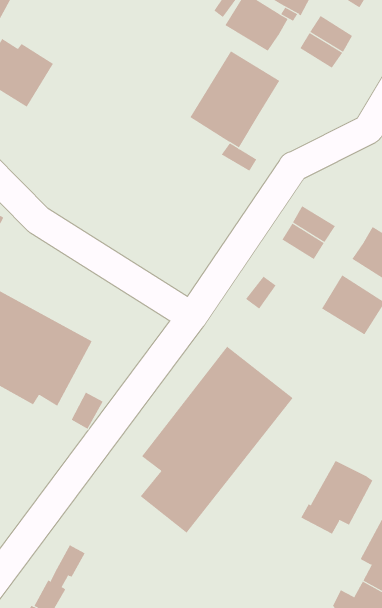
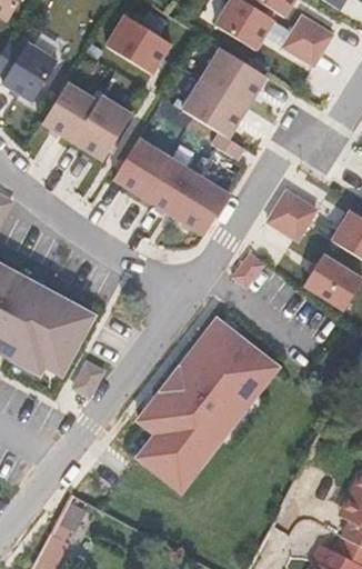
building: none -> [105,14,171,73]
building: none -> [44,82,131,156]
building: none -> [113,138,229,234]
building: [300,460,374,535] -> none

